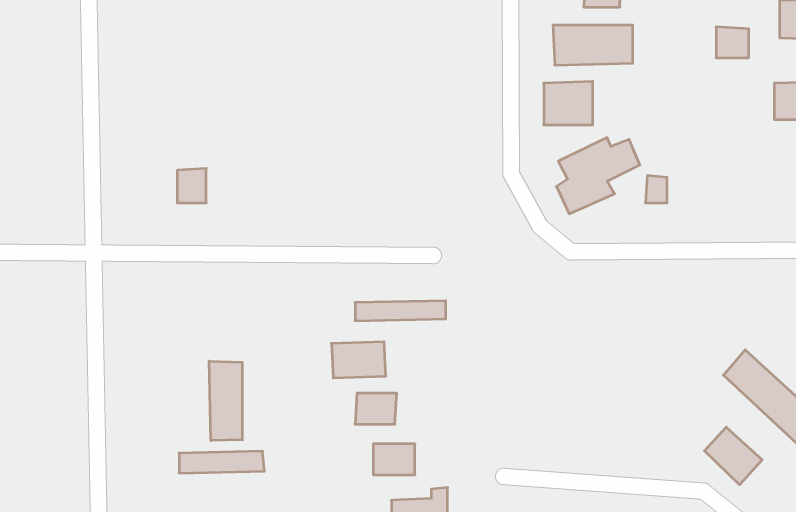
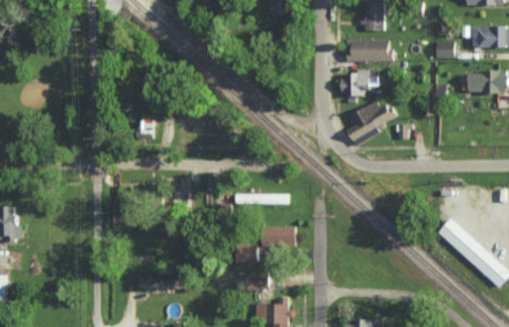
building: [331,342,386,378] -> [264,225,294,245]
building: [209,361,242,441] -> none
building: [704,427,762,485] -> none

